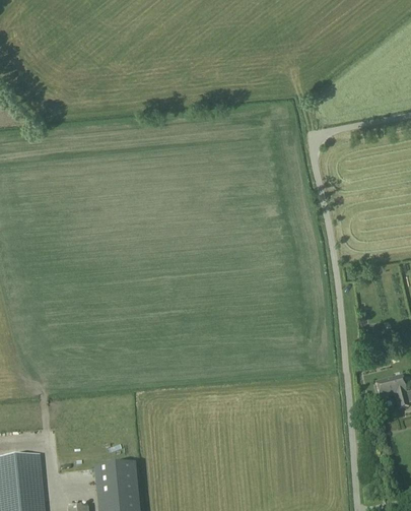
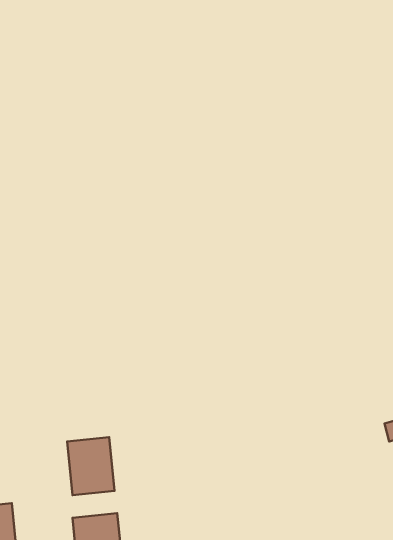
building: none -> [67,437,115,495]

